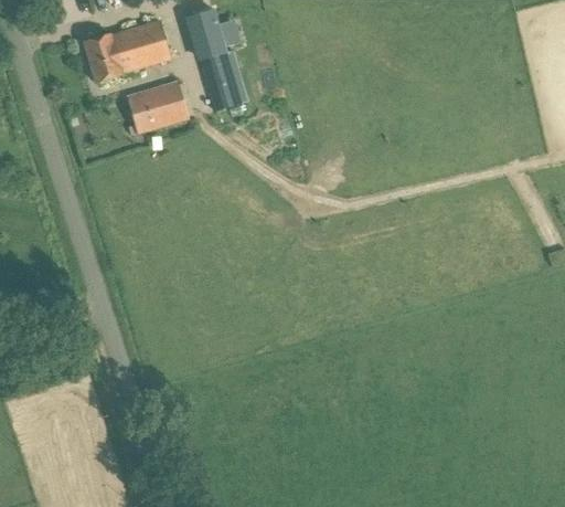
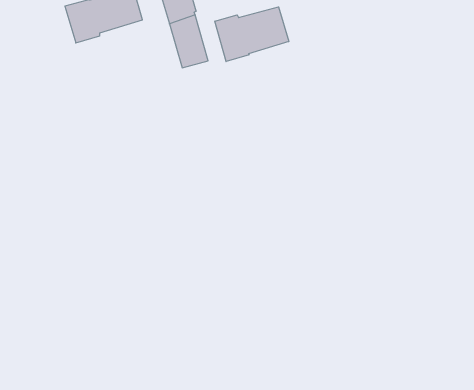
building: none -> [215,7,289,62]
building: [127,80,191,134] -> none

